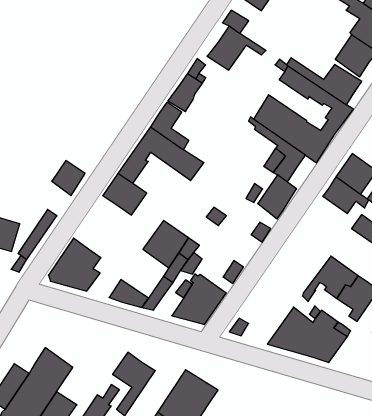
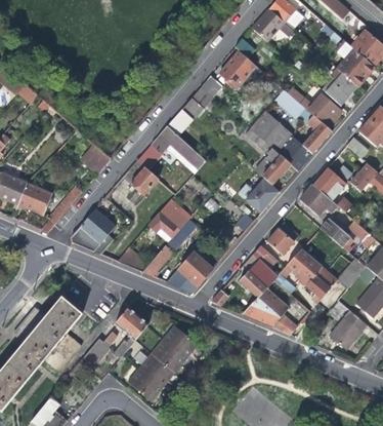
building: none -> [267,222,300,254]
building: none -> [240,245,276,296]

